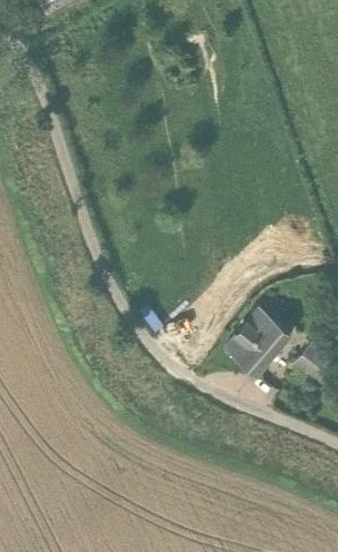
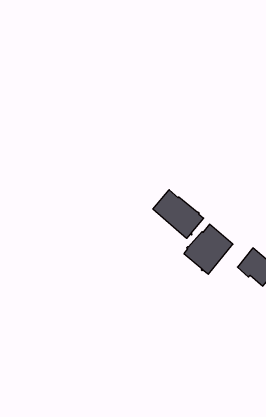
building: none -> [153,190,204,238]

